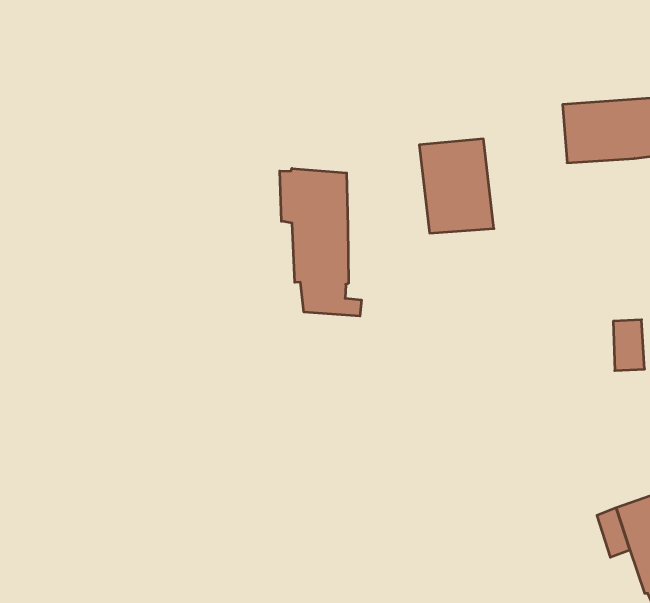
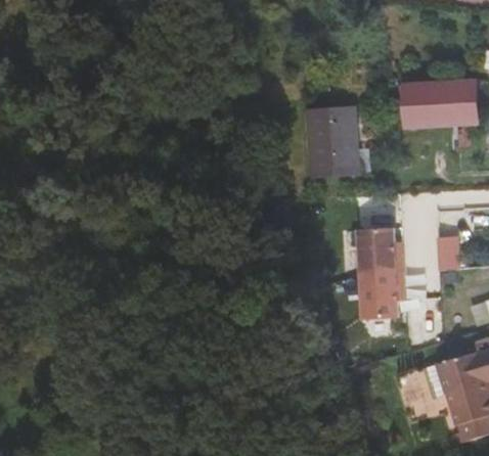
building: [280,168,361,316] -> none
building: none -> [357,228,405,320]

